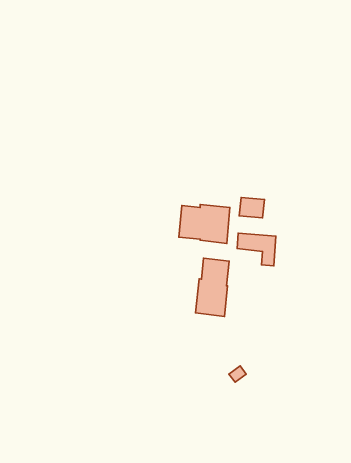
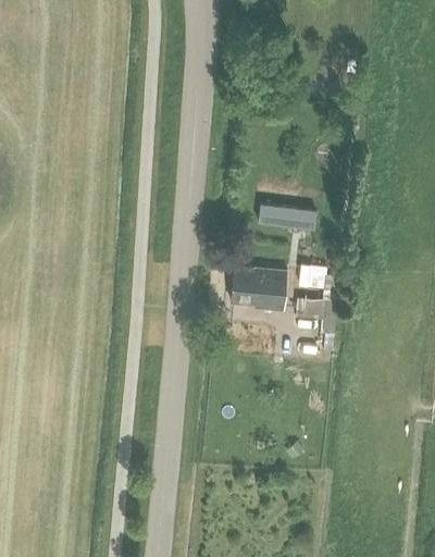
building: none -> [257,203,315,228]
building: [196,258,229,316] -> none

